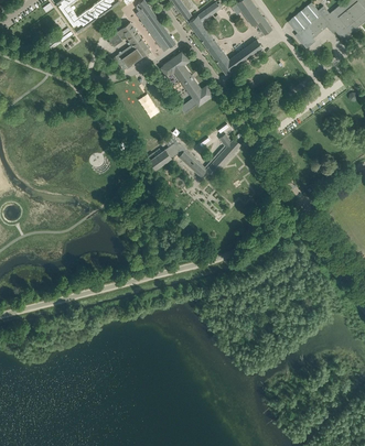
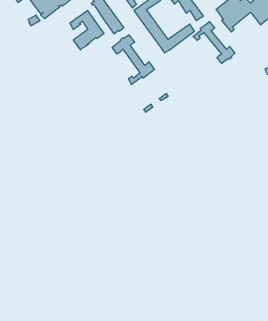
building: none -> [193,22,235,64]
building: [146,134,239,177] -> none

